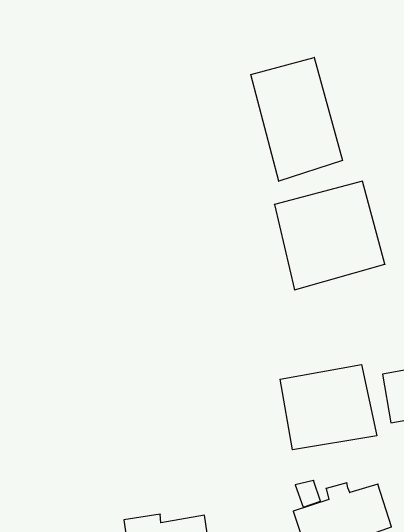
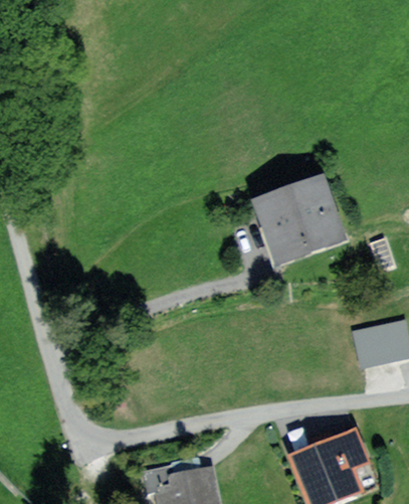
building: [251,57,342,181] -> none
building: [280,365,377,450] -> none

